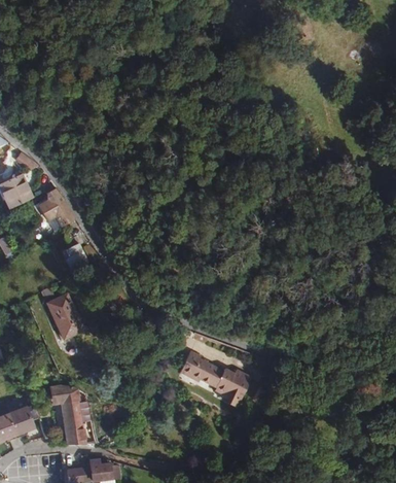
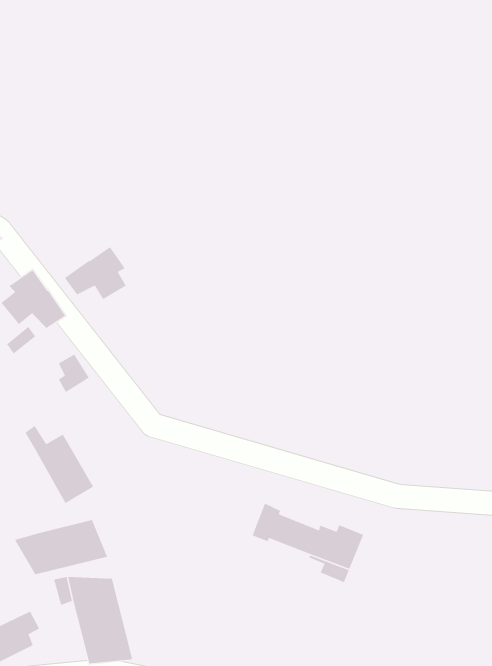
building: none -> [64,246,127,300]
building: none -> [14,519,108,575]

